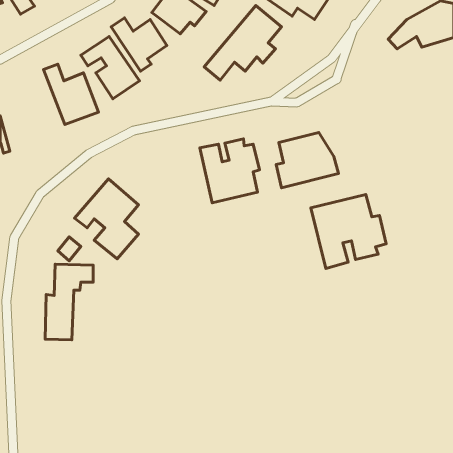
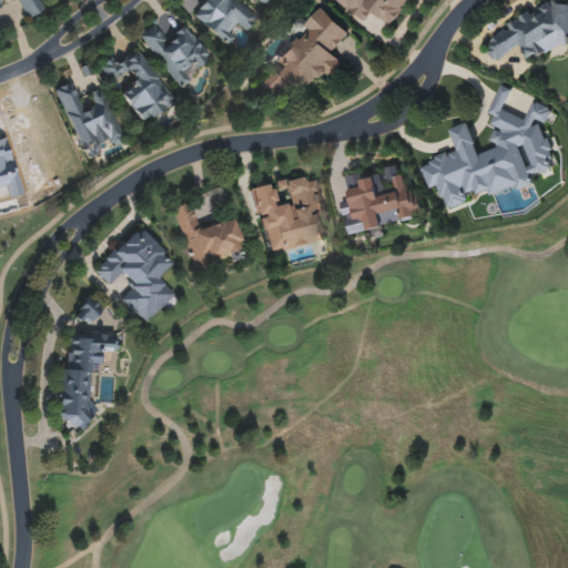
building: none -> [424,82,555,210]
building: none -> [172,200,246,270]
building: [311,195,386,268] -> none

